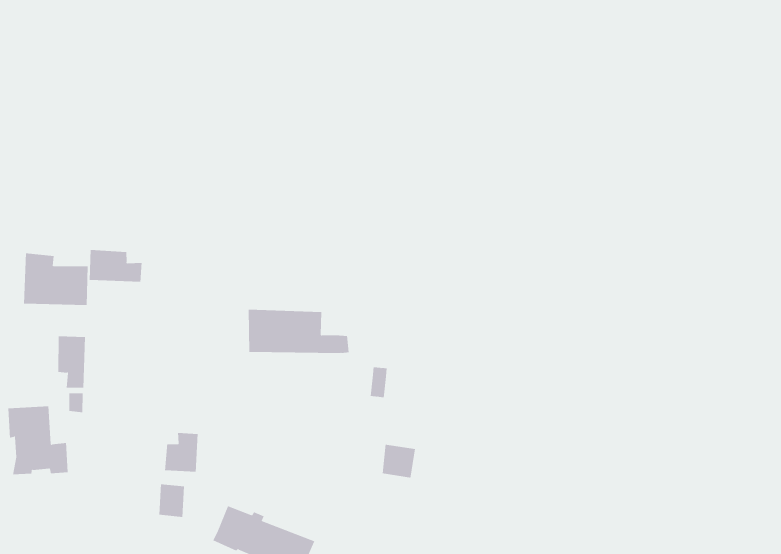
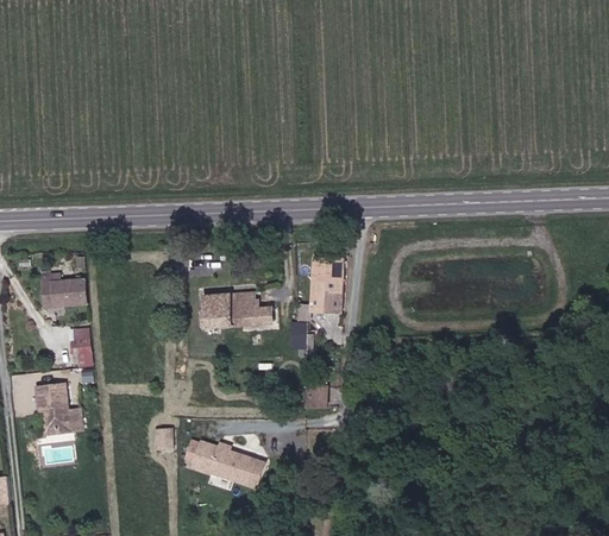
building: [89,249,142,283] -> none
building: none -> [309,254,346,311]
building: [165,432,198,472] -> none

